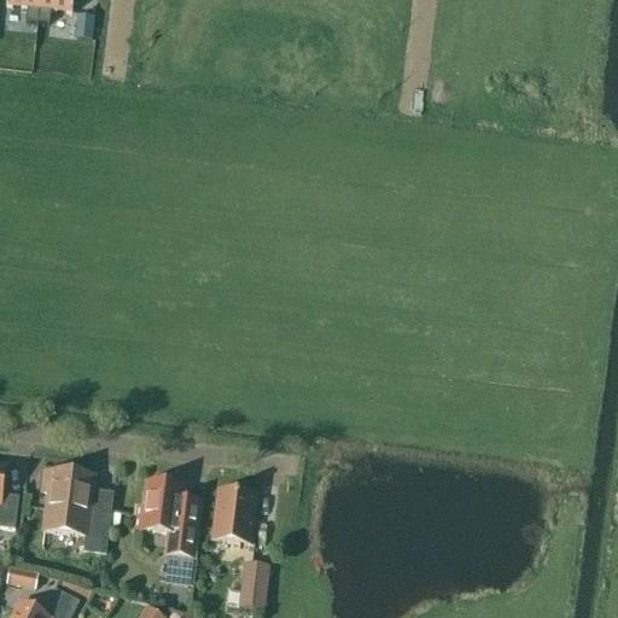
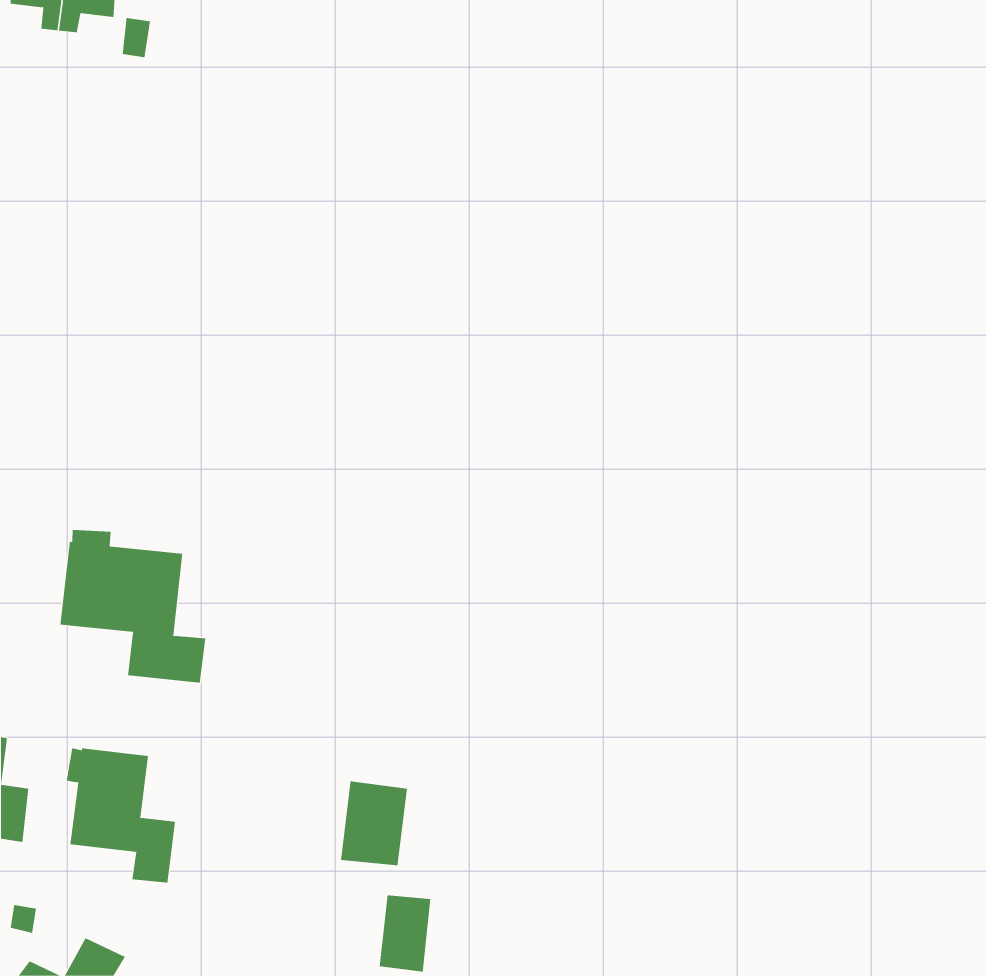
building: none -> [60,529,206,683]
building: [134,479,202,576] -> none

